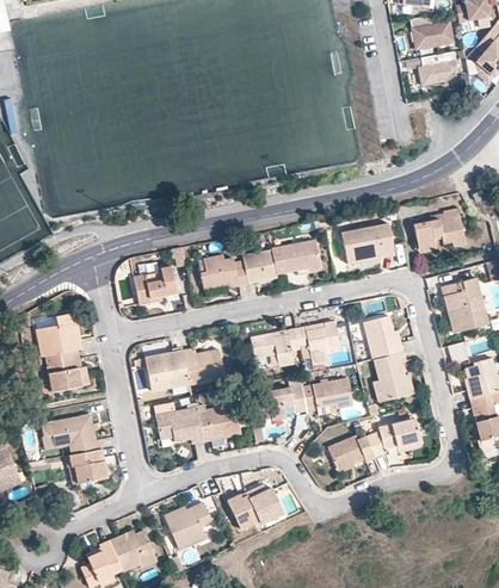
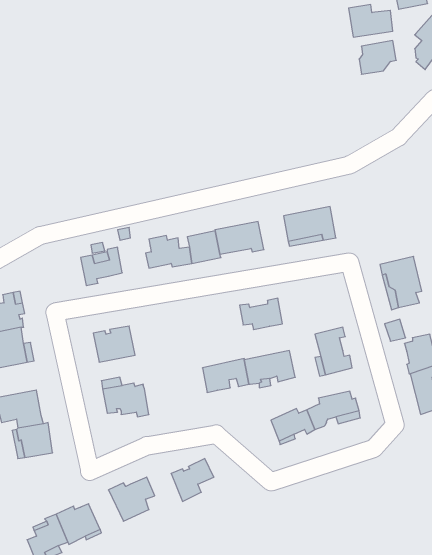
building: [414,210,466,247] -> none
building: [364,314,403,358] -> none
building: [253,327,301,364] -> none
building: [184,346,224,380] -> none
building: [199,402,242,439] -> none

